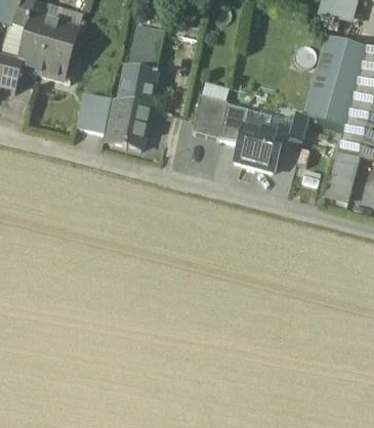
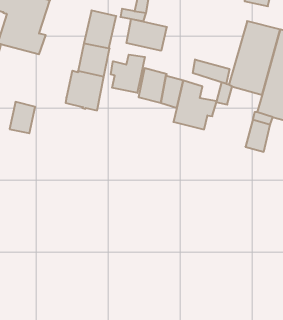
building: none -> [126,19,167,51]
building: none -> [111,55,145,93]
building: none -> [193,59,229,84]
building: [79,91,111,130] -> [10,102,35,133]

